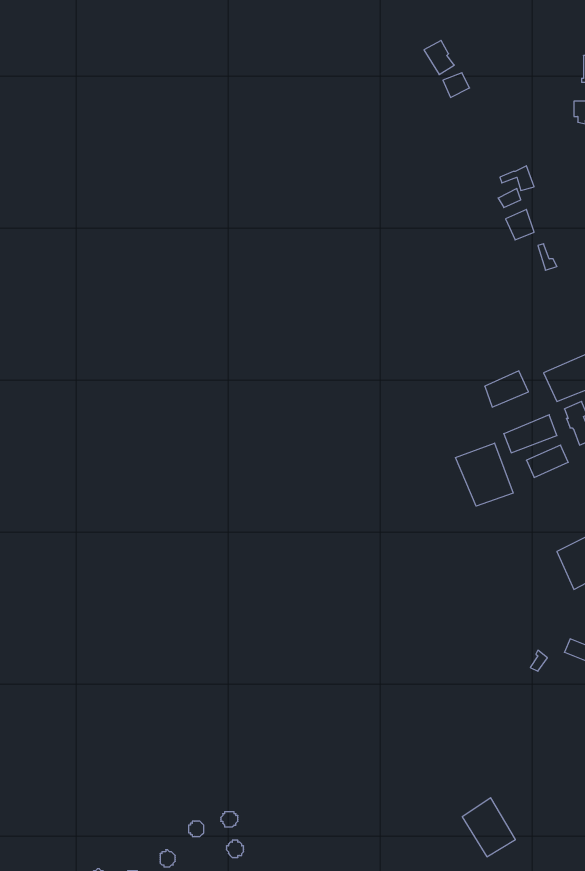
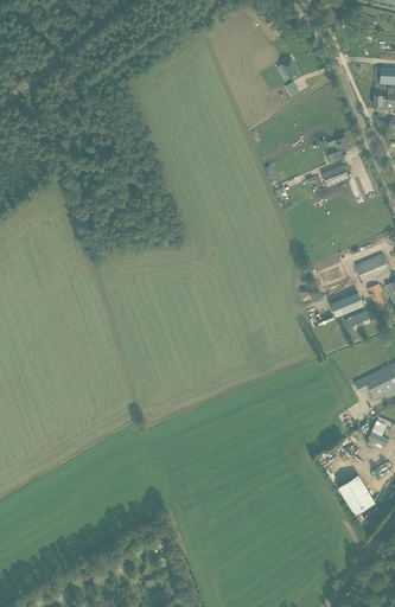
building: [456,443,513,506] -> none
building: [462,798,515,857] -> [339,477,372,513]

